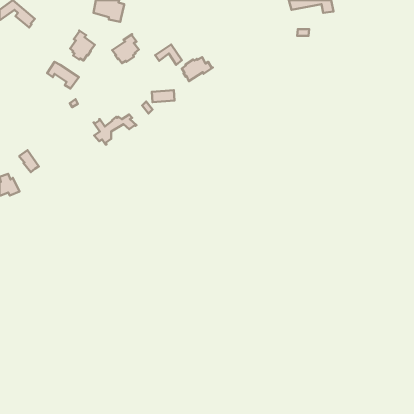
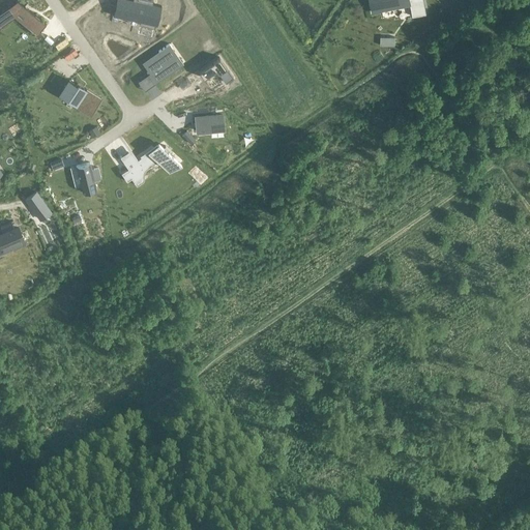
building: [70,31,95,61] -> none
building: [182,57,213,81] -> none
building: none -> [75,164,95,194]

